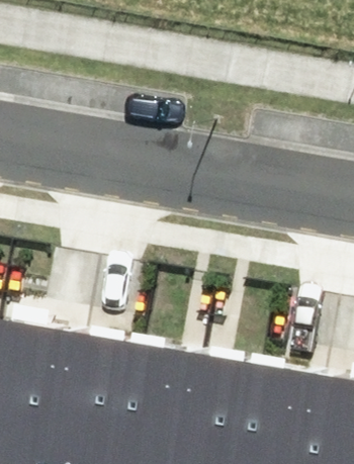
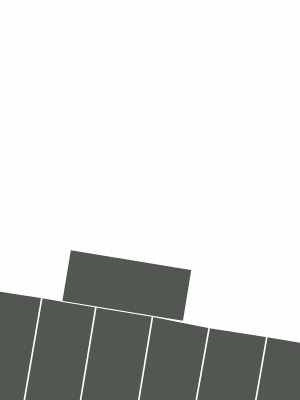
building: none -> [62,249,192,321]

